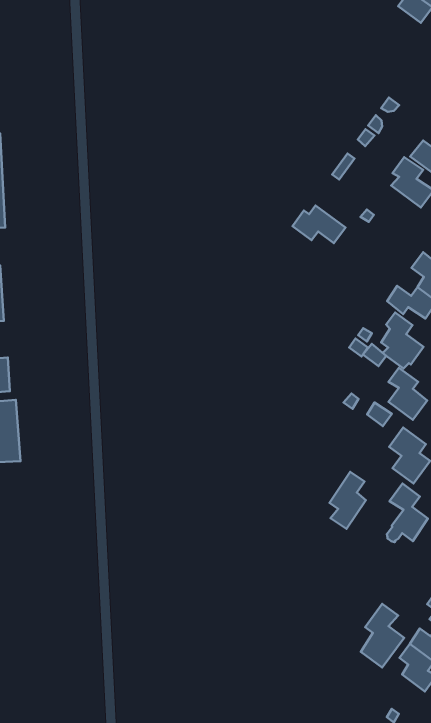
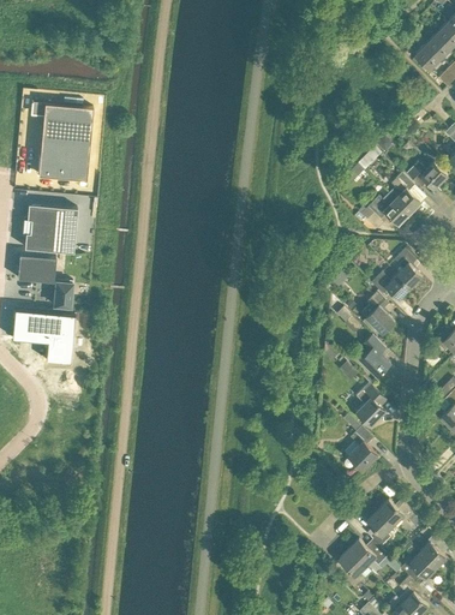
building: [292,206,345,243] -> [367,193,408,225]
building: [329,472,366,529] -> none
building: [361,604,404,668] -> none

